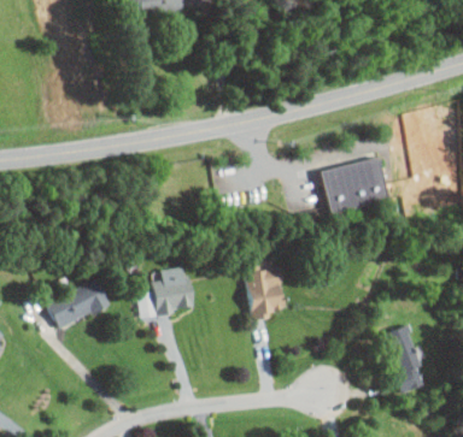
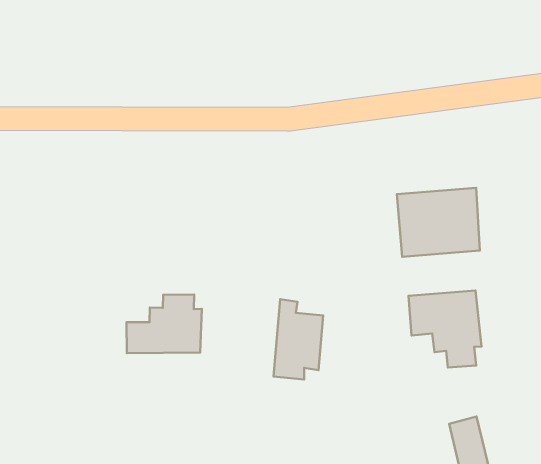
building: none -> [409,291,482,368]
building: [47,280,109,329] -> none

